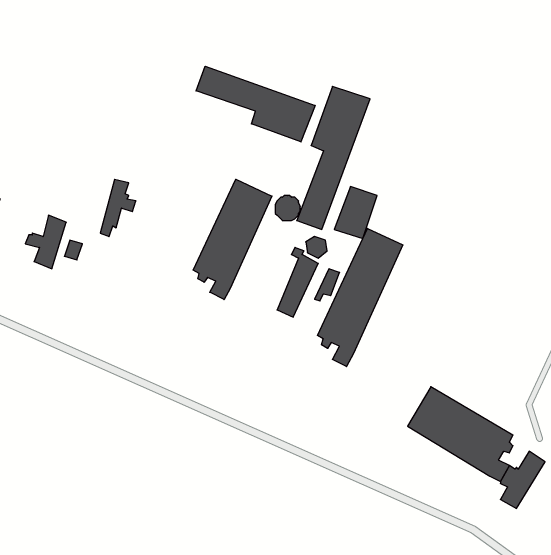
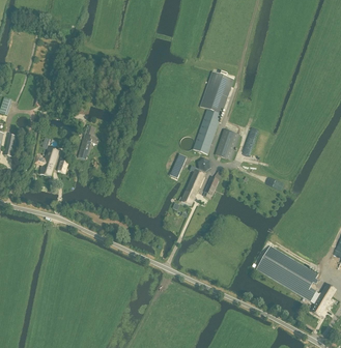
building: [196,66,315,142] -> none
building: [193,179,272,300] -> none
building: [317,228,403,367] -> none

